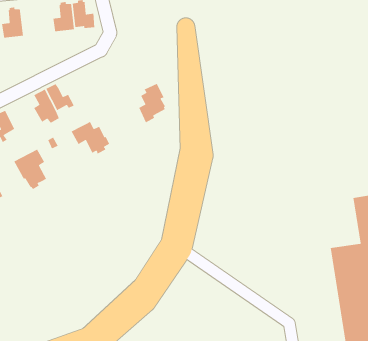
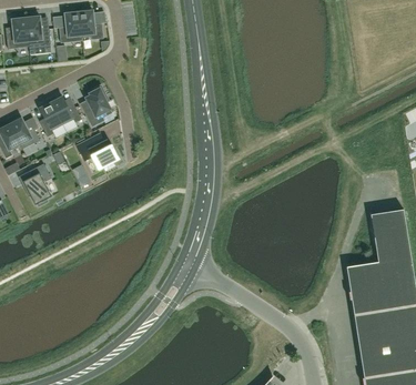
building: none -> [26,16,51,48]
building: [138,83,166,123] -> [83,87,112,129]
building: none -> [10,118,40,150]

